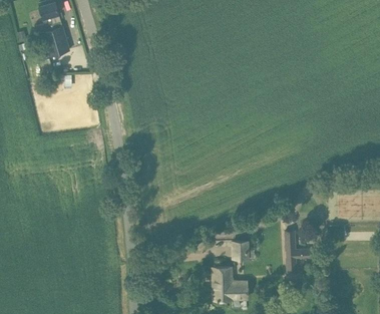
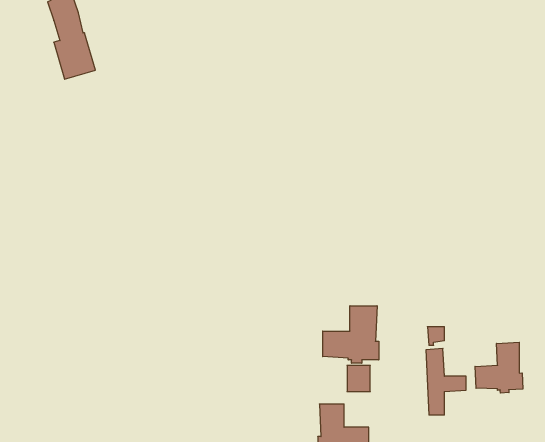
building: none -> [323,306,379,363]
building: none -> [475,342,523,393]

